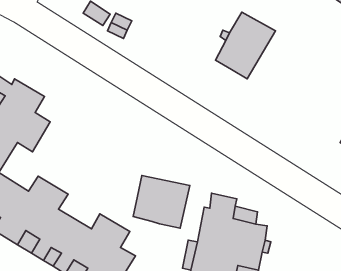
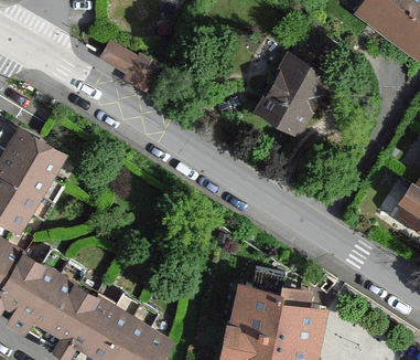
building: [133,176,190,228] -> none

